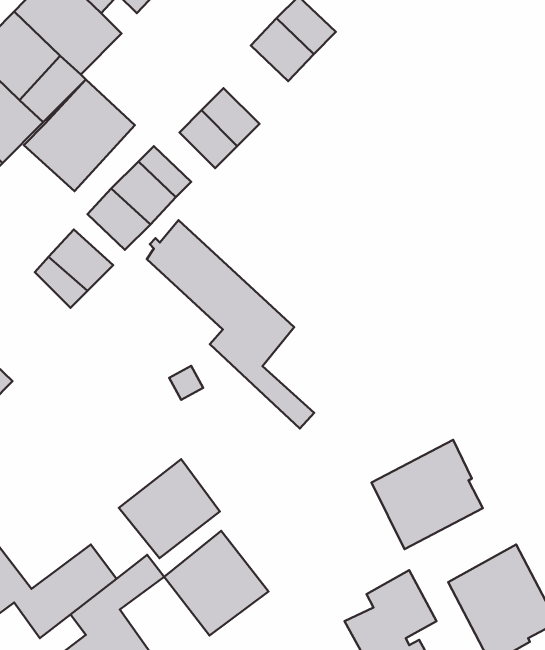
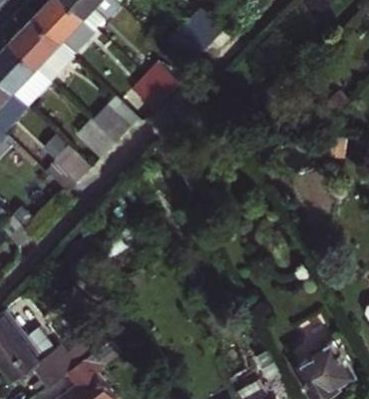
building: [24,79,135,191] -> none
building: [147,220,314,429] -> none
building: [372,440,483,549] -> none
building: [119,459,220,558] -> none
building: [164,531,268,635] -> none

